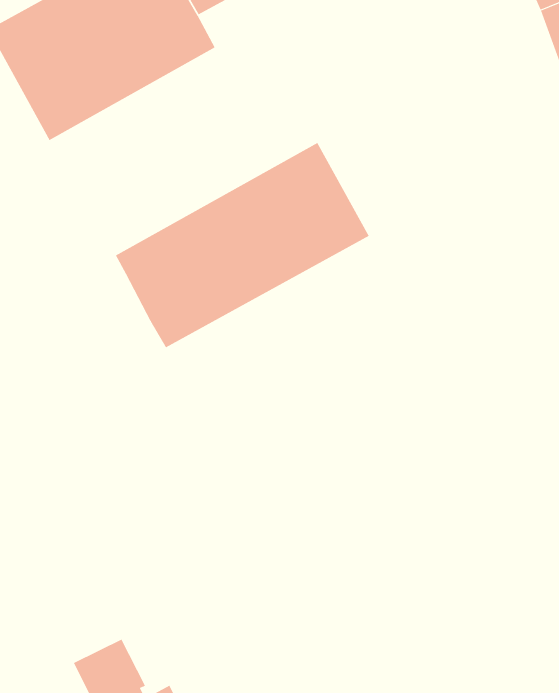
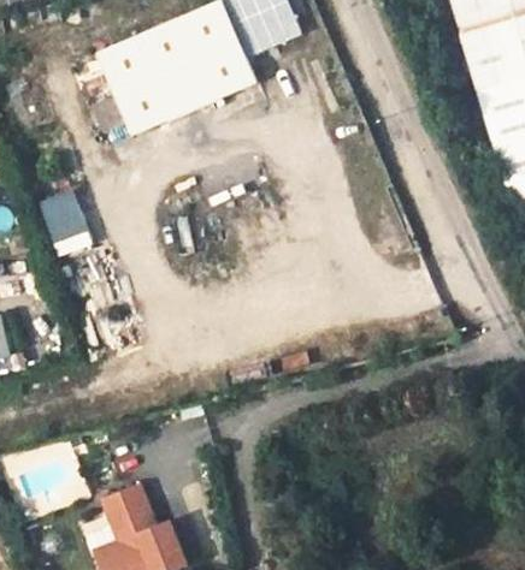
building: [115,142,370,348] -> none

